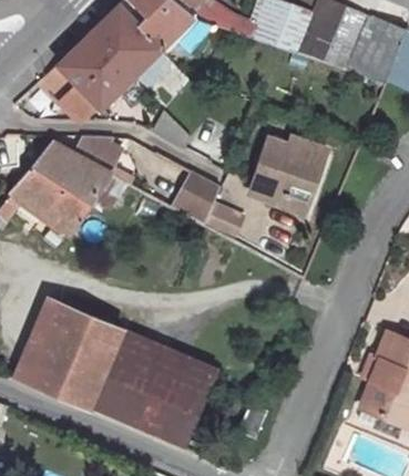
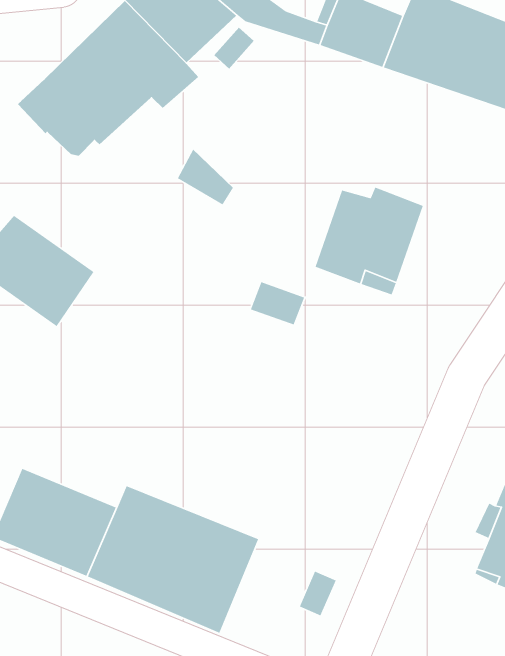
building: [40,139,122,195] -> none
building: [175,172,219,221] -> none
building: [45,302,125,360] -> none

